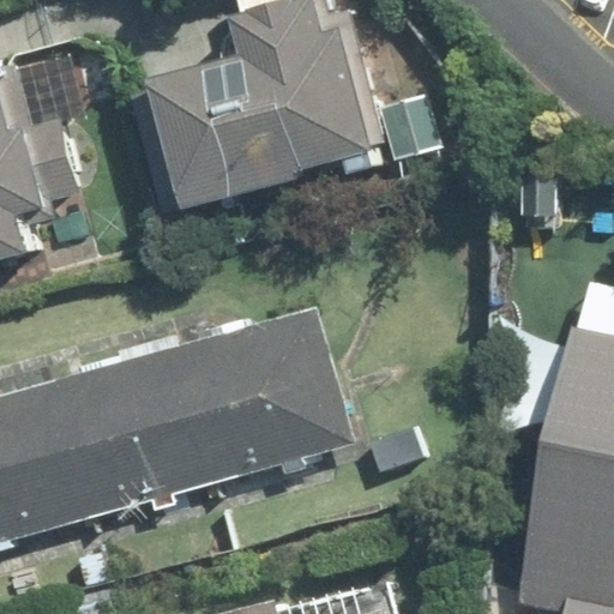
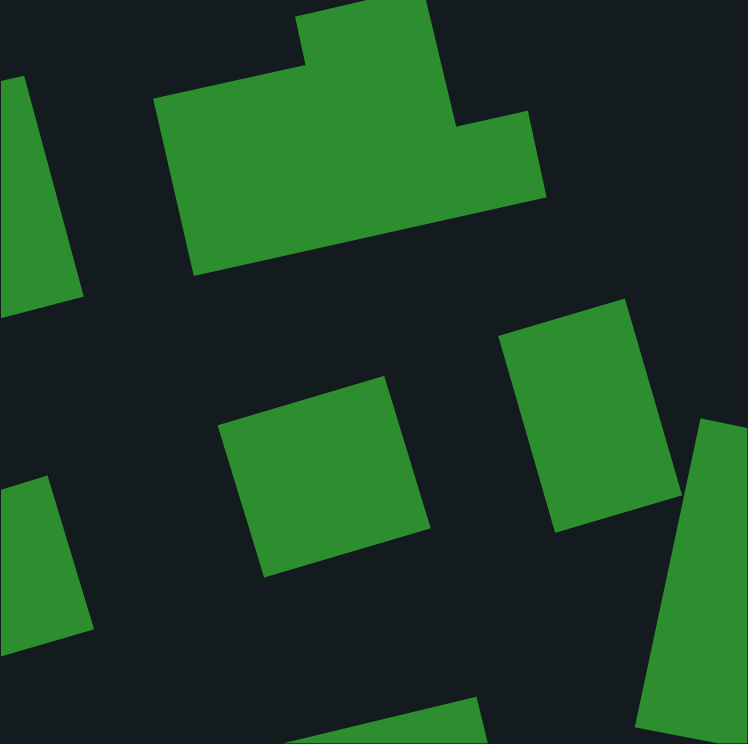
building: none -> [497,297,683,534]
building: [40,348,216,516] -> none

